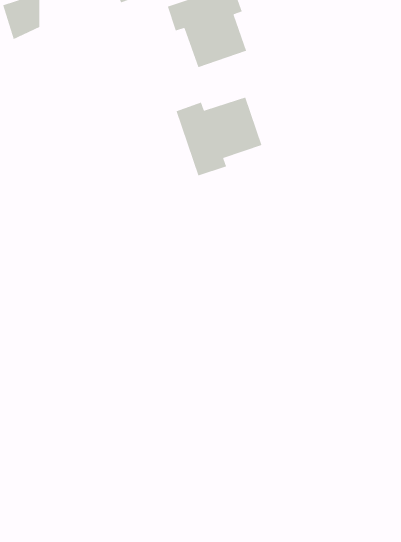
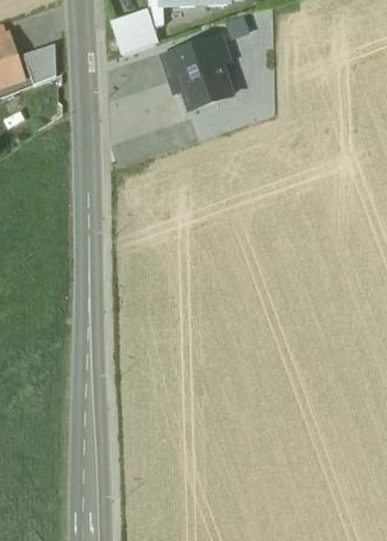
building: [175,97,262,176] -> none

